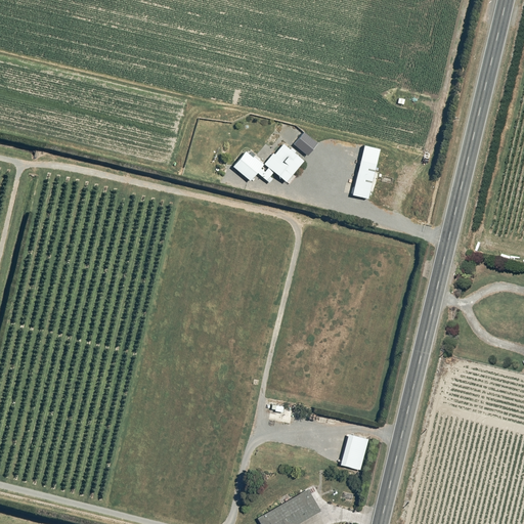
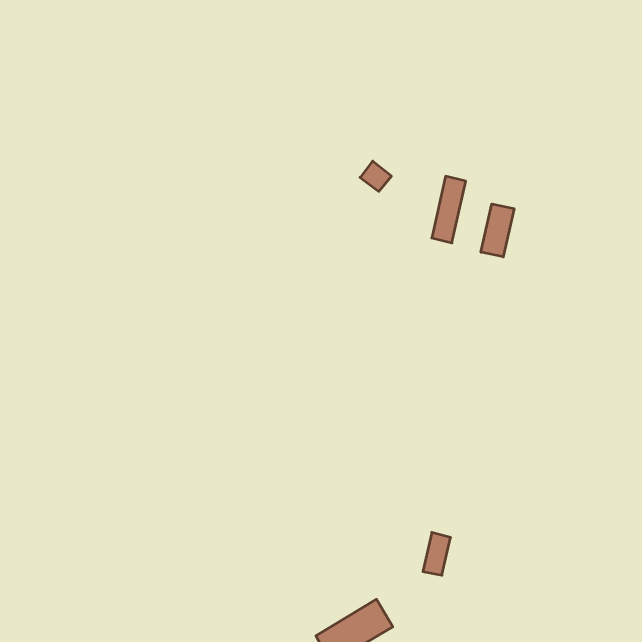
building: [233,142,304,183] -> none
building: none -> [481,204,514,257]

